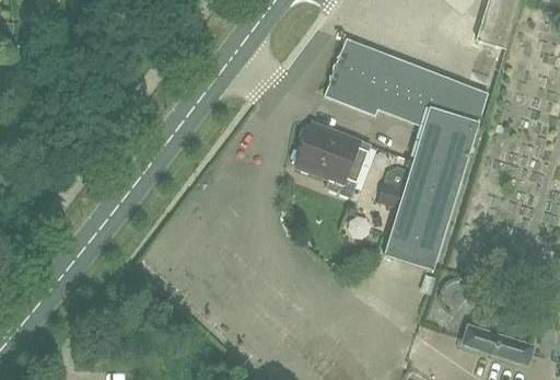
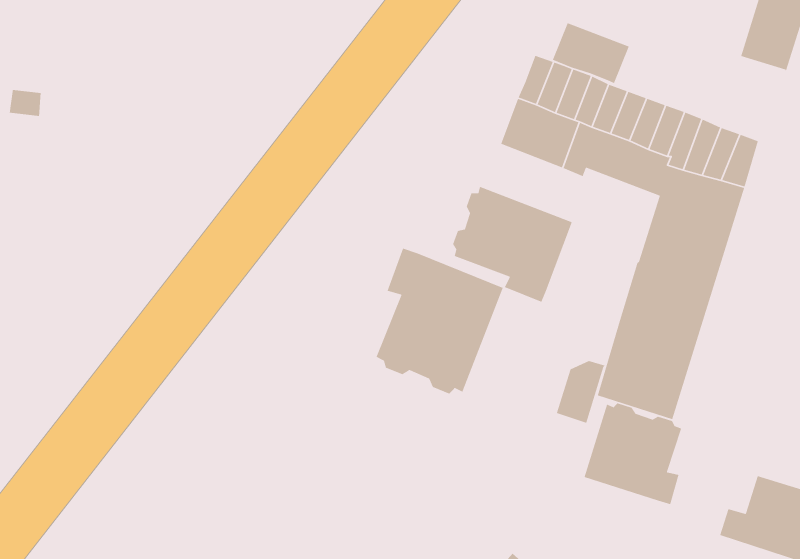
building: none -> [552,22,630,84]
building: none -> [375,247,504,394]
building: [380,166,411,207] -> [556,360,606,424]
building: none -> [584,403,682,505]

